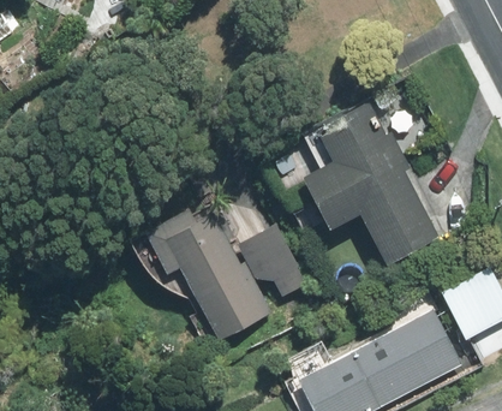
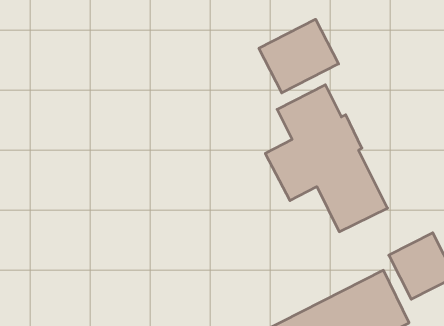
building: none -> [259,19,339,93]
building: [145,208,305,340] -> none

